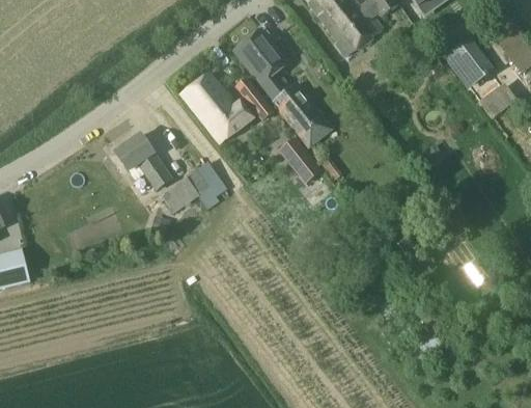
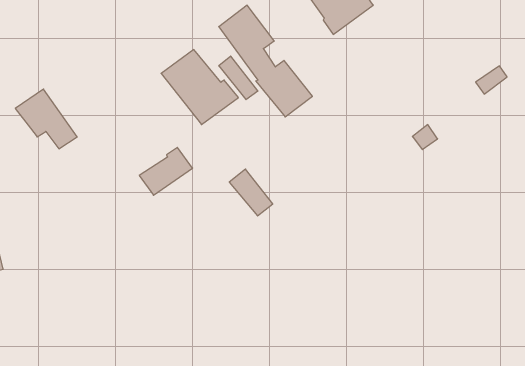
building: [447,42,490,86] -> none
building: [114,134,173,191] -> [15,89,77,149]
building: [279,137,320,182] -> [229,169,273,216]

